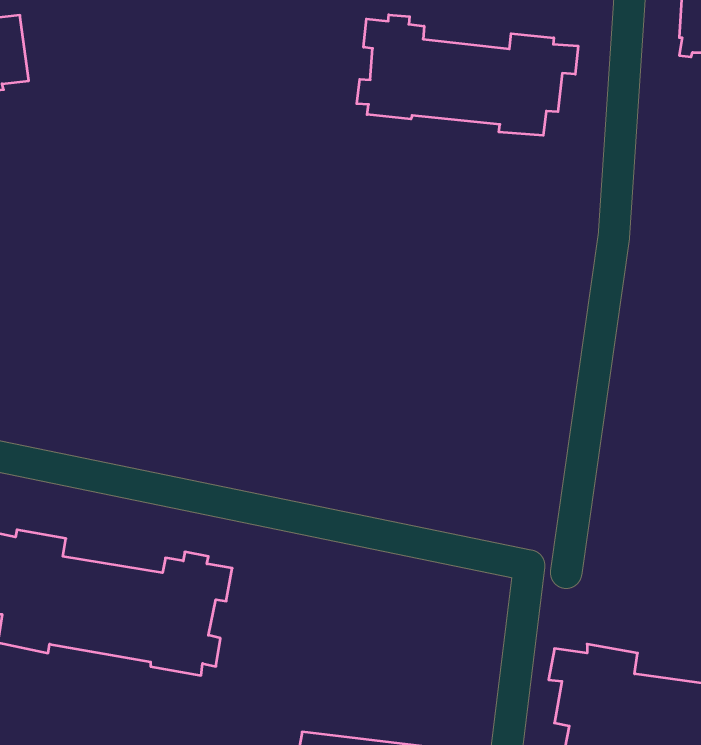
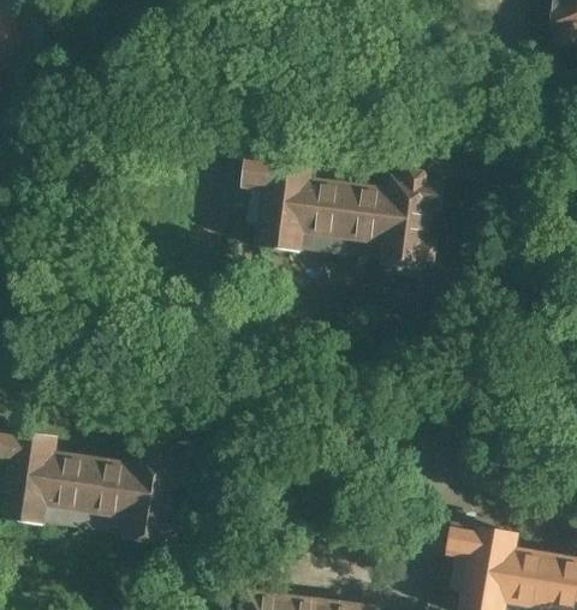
building: [357,15,578,135] -> none
building: none -> [240,160,440,270]

